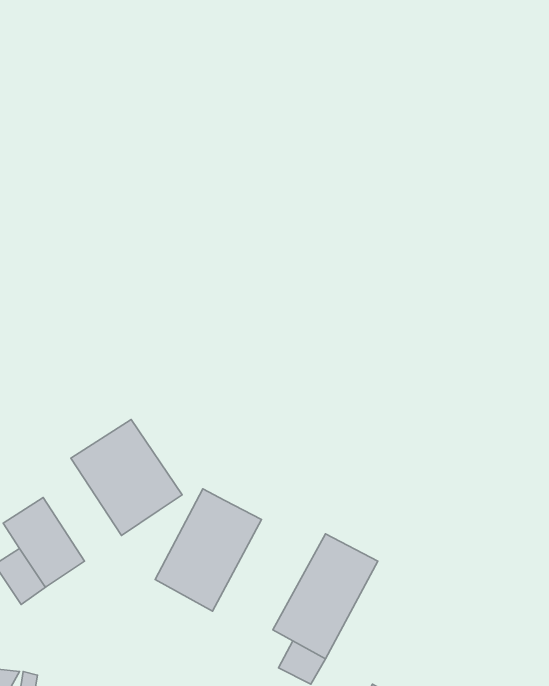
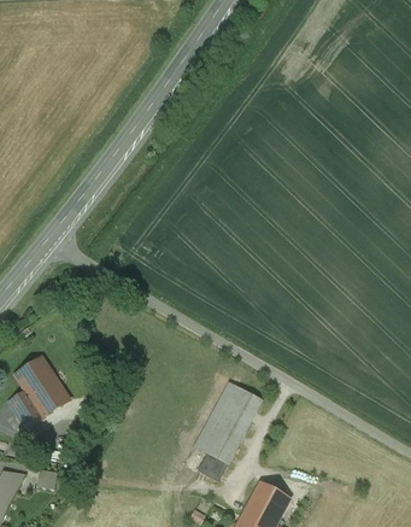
building: [71,420,182,535] -> none
building: [155,489,262,611] -> none

